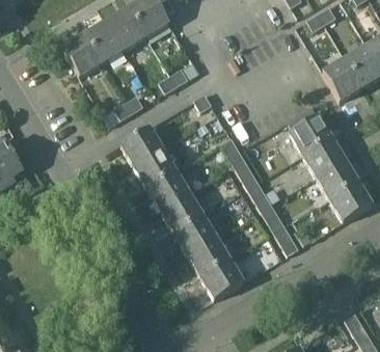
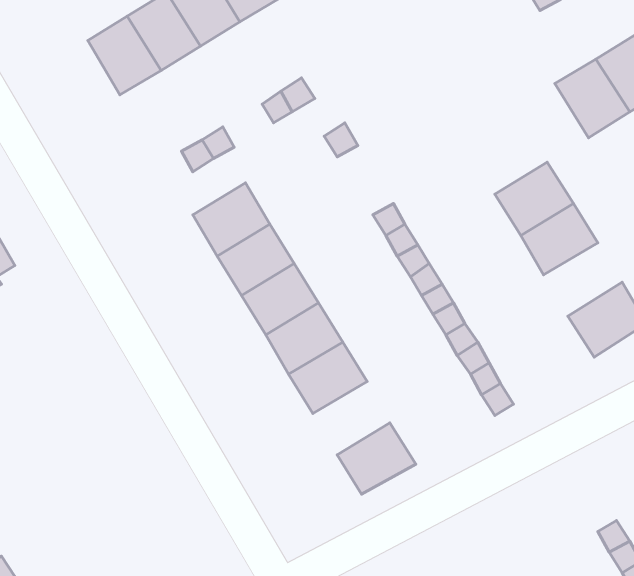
building: [315,159,358,199] -> none
building: [187,236,229,276] -> none

